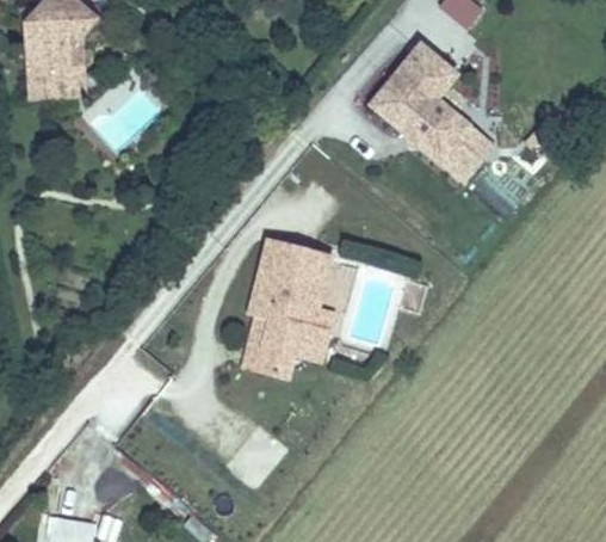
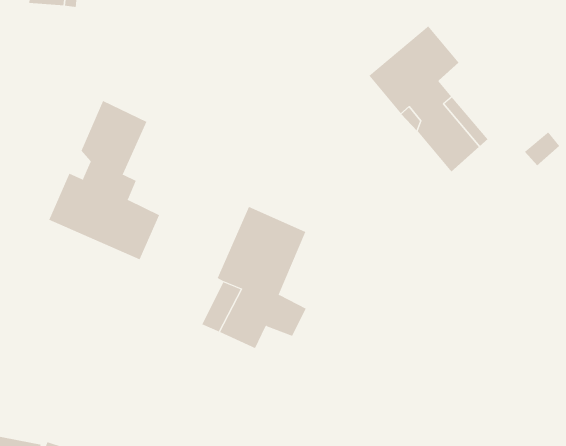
building: none -> [49,100,160,260]
building: [311,264,344,337] -> none

